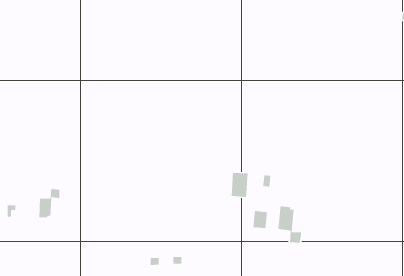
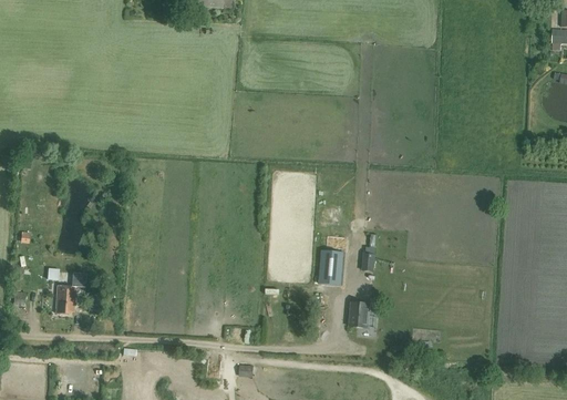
building: [278,205,302,243] -> none

